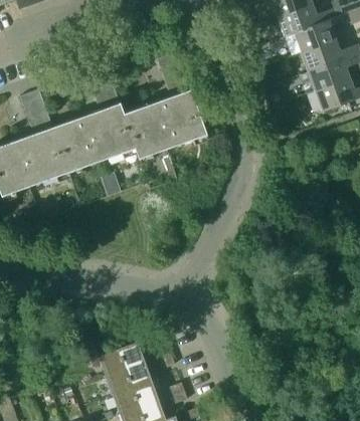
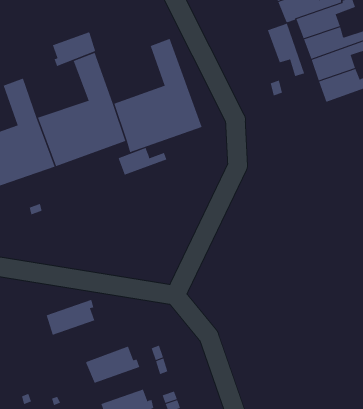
building: none -> [267,23,305,77]
building: none -> [52,31,96,67]
building: none -> [118,147,167,175]
building: [105,360,151,394] -> [46,299,95,335]

